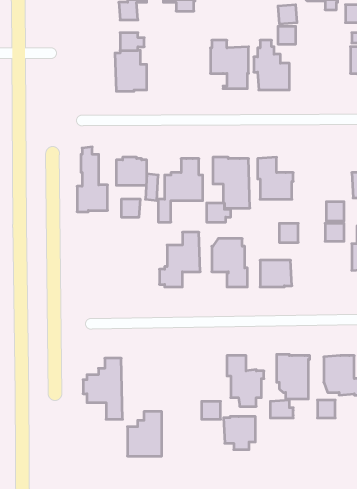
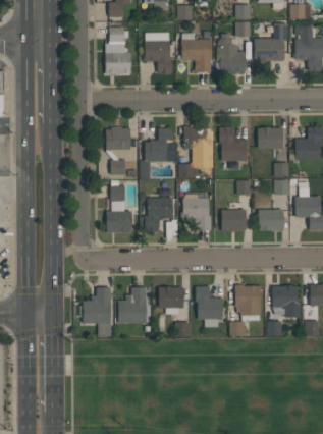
building: none -> [254,22,287,71]
building: none -> [143,32,171,72]
building: [77,147,108,212] -> [107,179,131,231]
building: none -> [257,126,282,148]
building: none -> [258,209,283,230]
building: [127,412,162,456] -> [118,287,146,323]
building: [224,417,255,450] -> [158,286,183,313]

